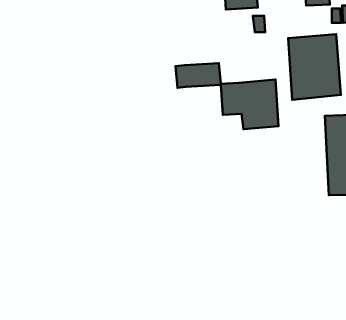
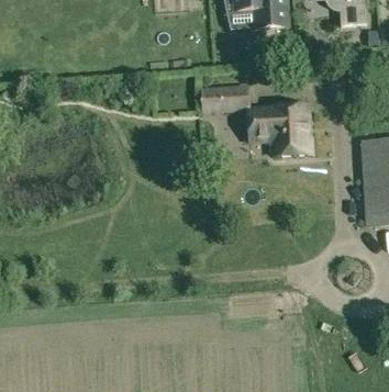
building: [288,34,341,100] -> none

